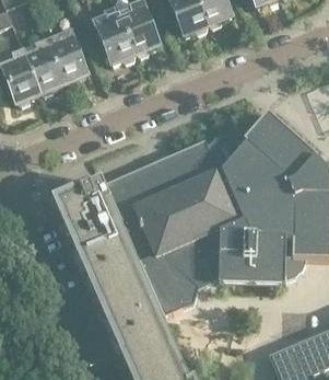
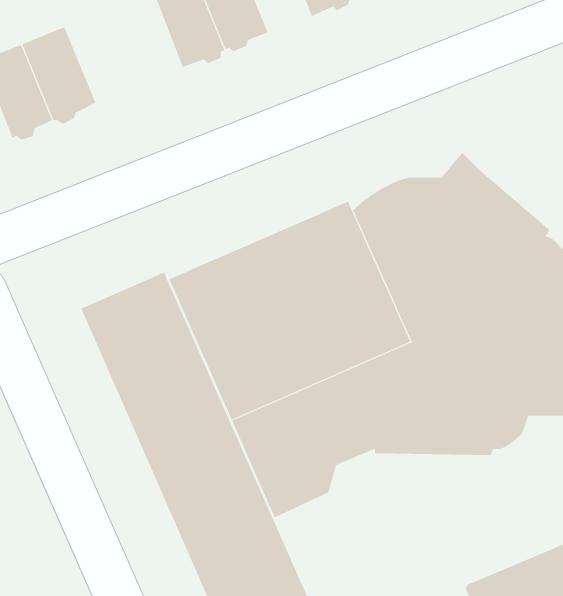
building: [47,33,89,87] -> none

